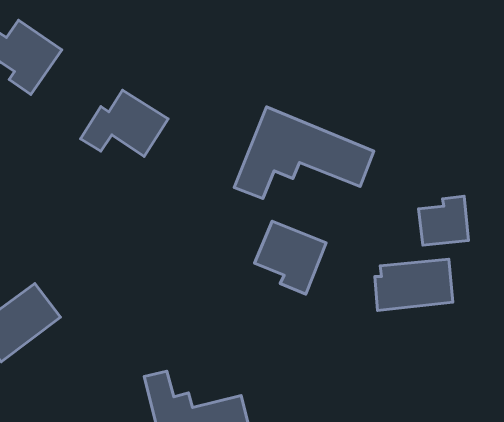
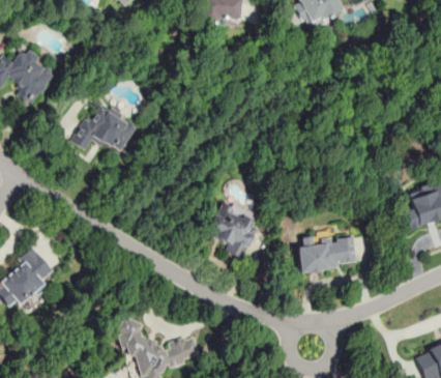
building: [234,107,374,199] -> none
building: [419,196,468,245] -> none

